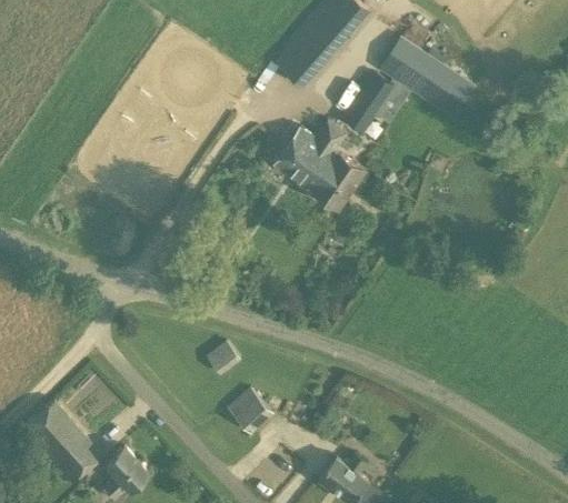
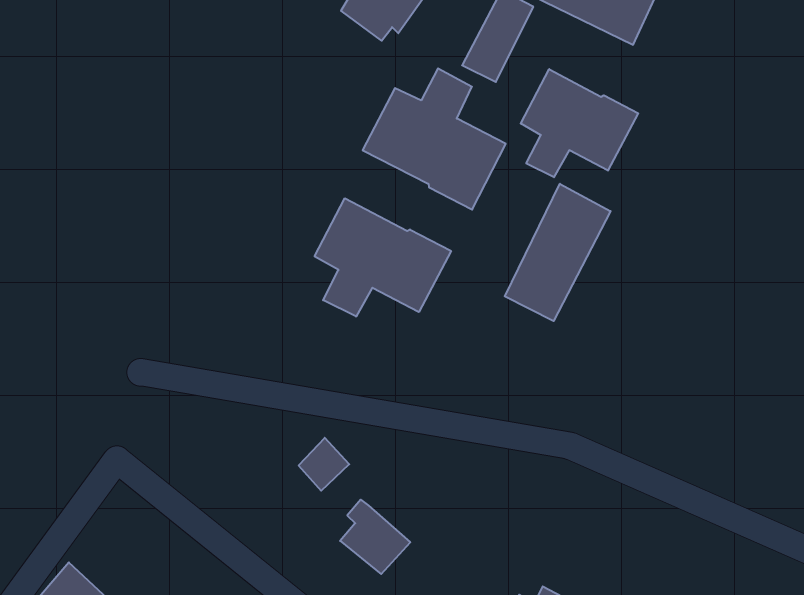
building: none -> [521,69,638,177]
building: none -> [315,198,451,317]
building: none -> [505,184,611,321]

